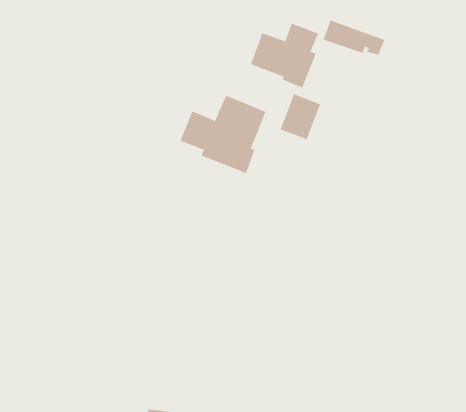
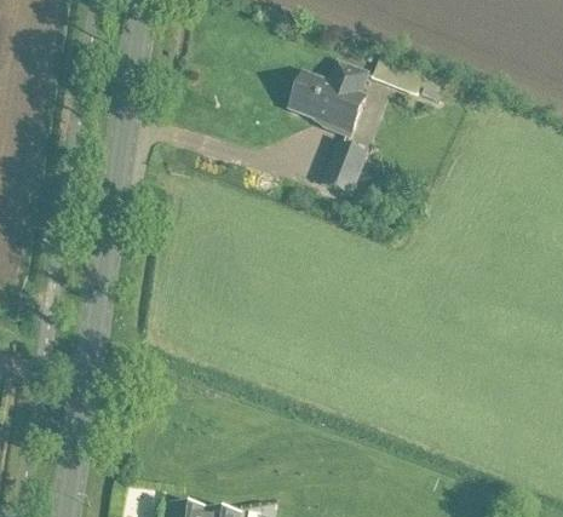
building: [180,95,266,174] -> none

